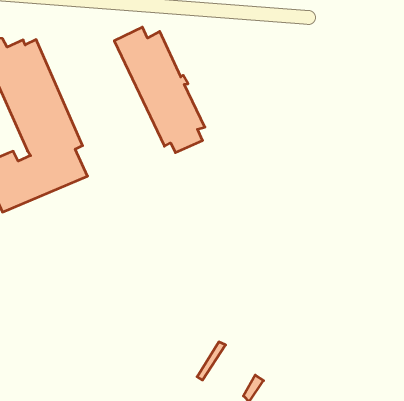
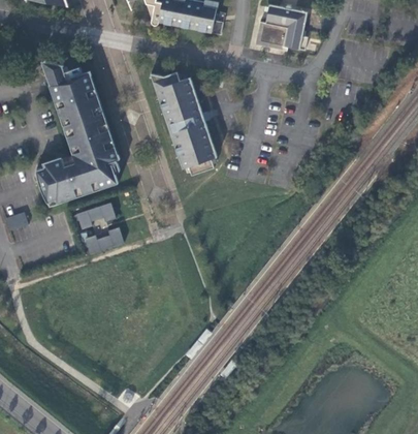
building: none -> [77,203,116,228]
building: none -> [85,227,124,253]

